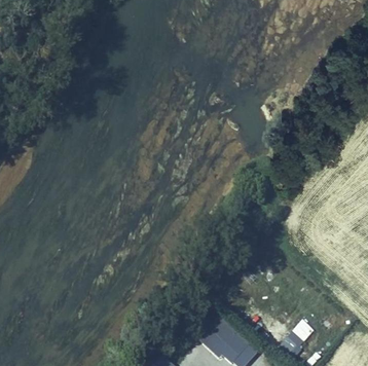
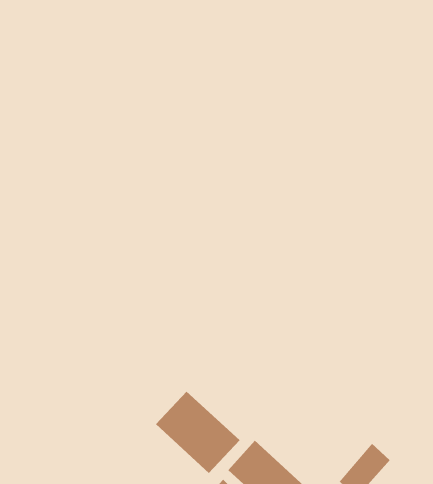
building: none -> [155,391,240,474]

